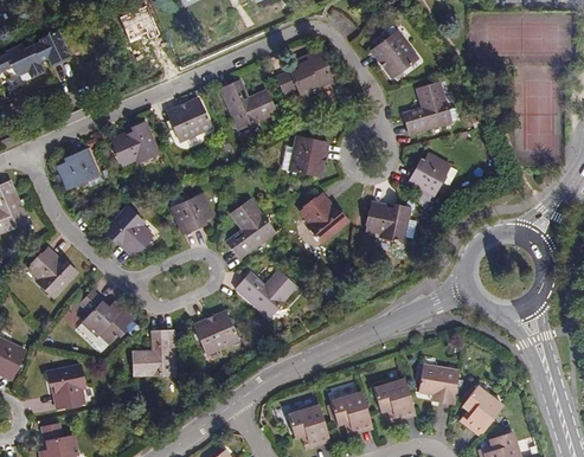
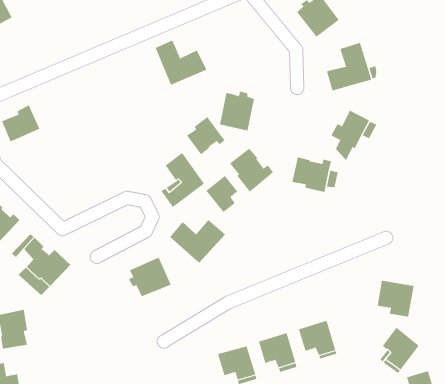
building: [276,52,332,98] -> none
building: [165,97,211,140] -> none
building: [102,122,159,165] -> none
building: none -> [186,116,225,155]
building: [171,193,212,233] -> none
building: [104,206,152,255] -> none
building: none -> [205,175,238,213]
building: [133,330,175,375] -> none
building: [418,365,458,404] -> [377,280,415,317]

